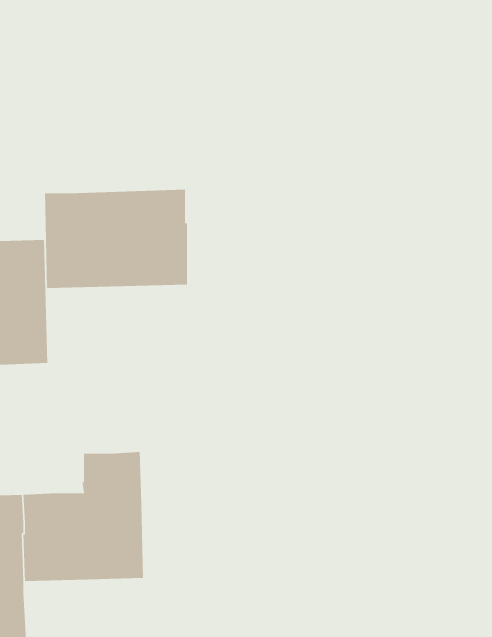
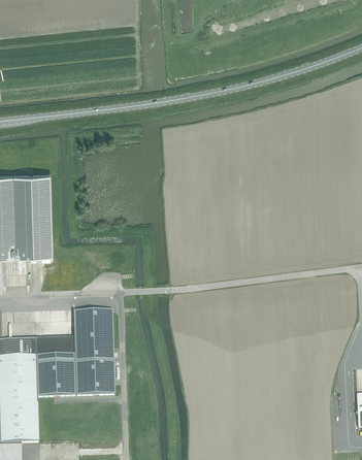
building: [44,189,188,289] -> none

